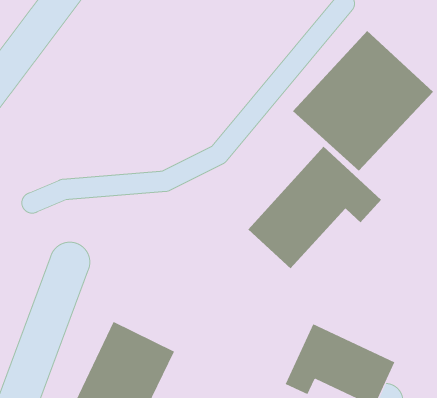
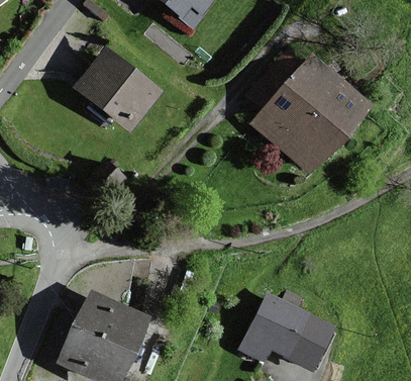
building: none -> [73,49,161,132]
building: [247,146,382,269] -> none

